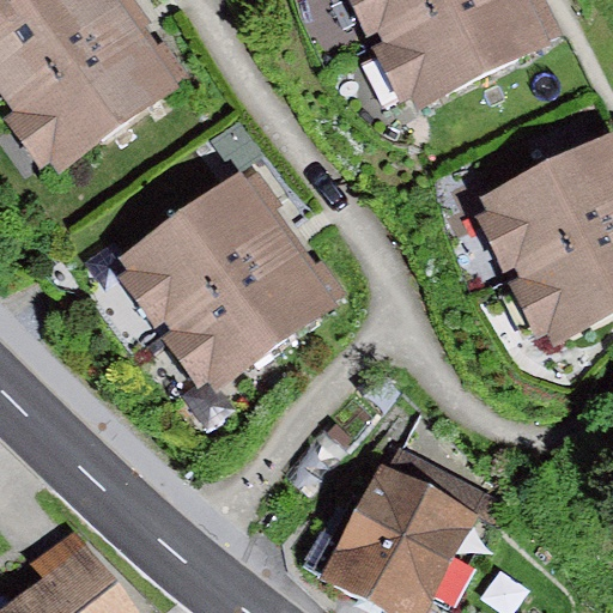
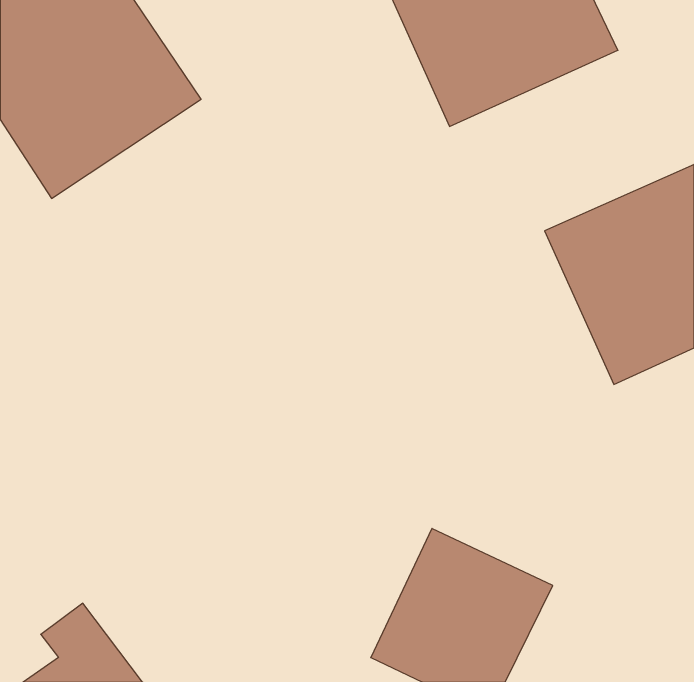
building: [113,174,324,386] -> none

